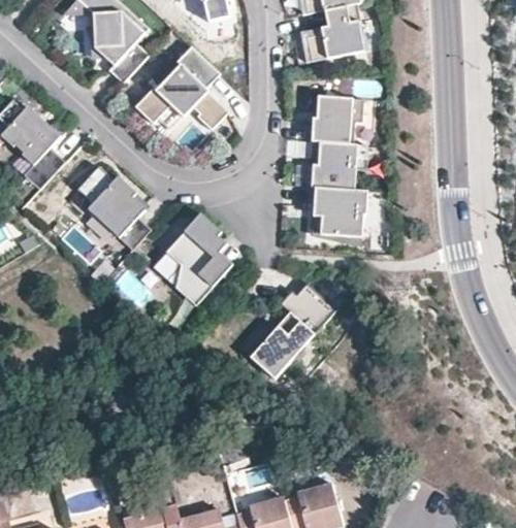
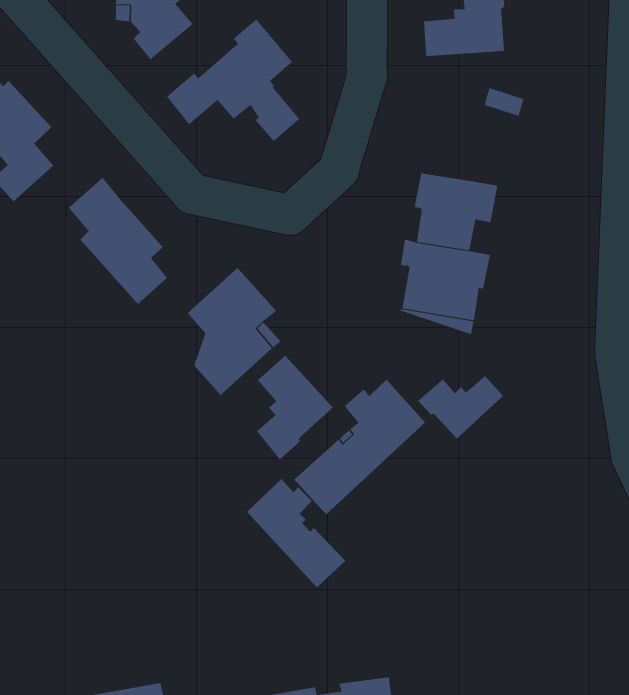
building: [311,94,362,141] -> none
building: none -> [417,375,504,440]
building: none -> [256,355,334,460]
building: none -> [246,478,346,588]

